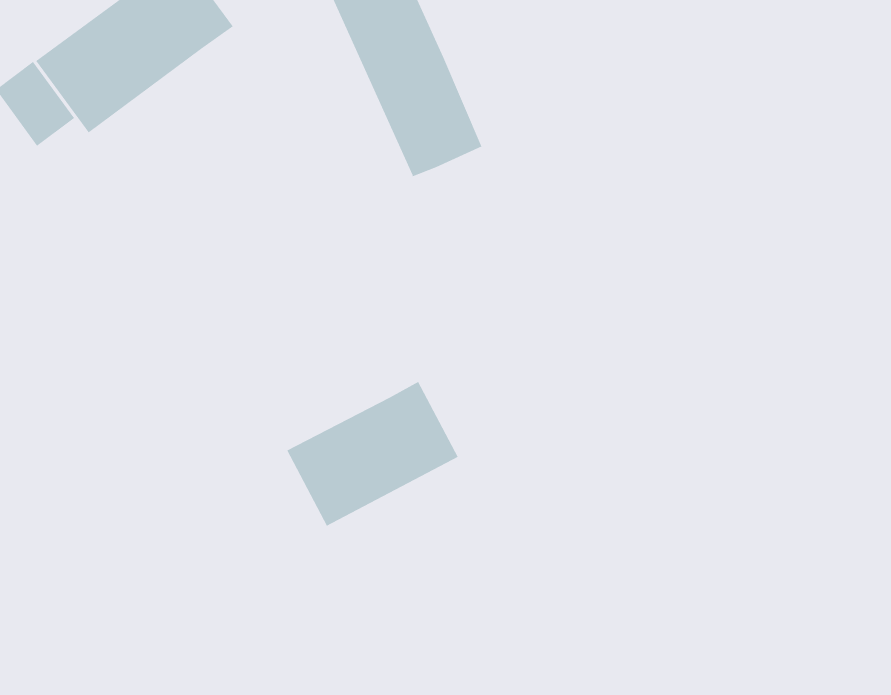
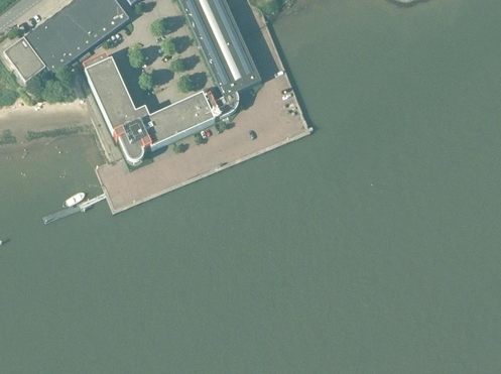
building: none -> [83,53,239,161]
building: [286,381,459,527] -> none

